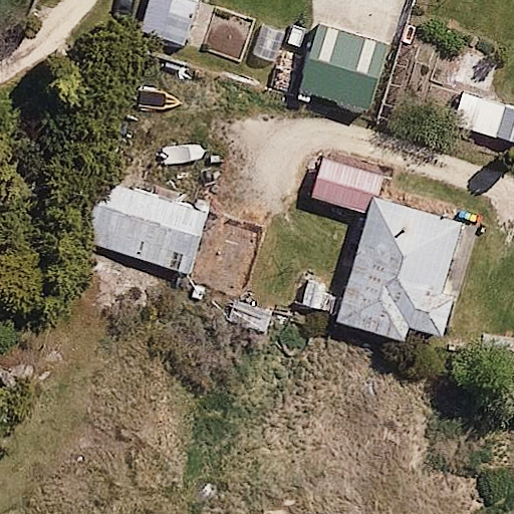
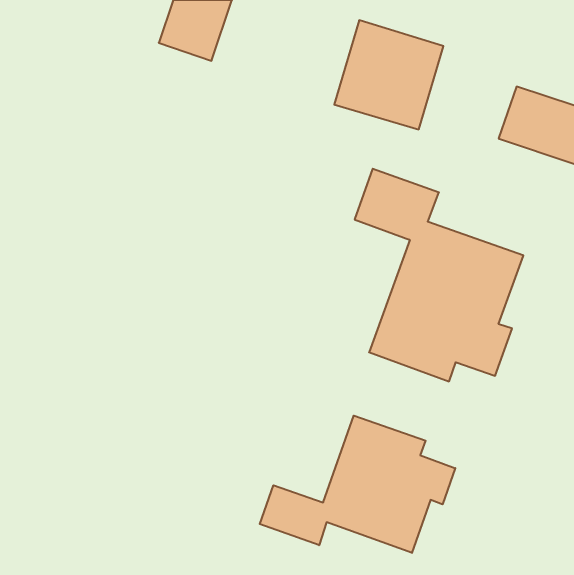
building: [71,175,207,276] -> none
building: none -> [260,416,455,553]

